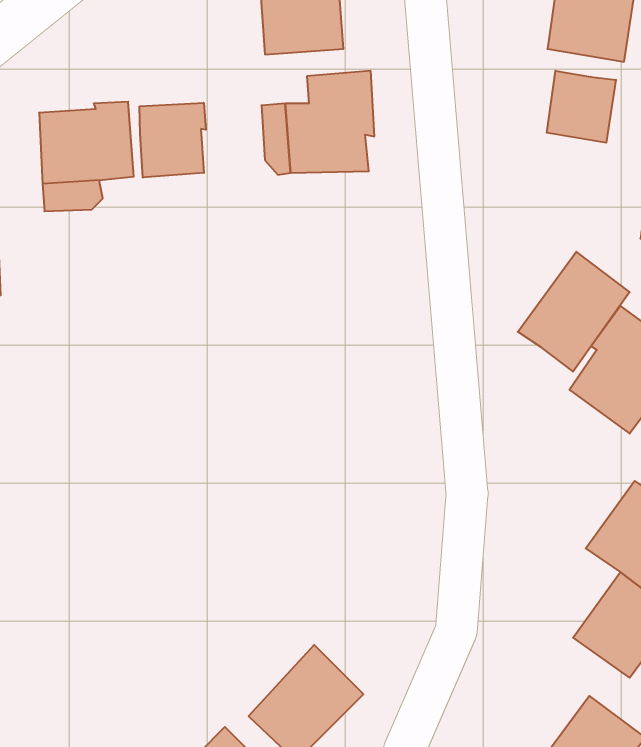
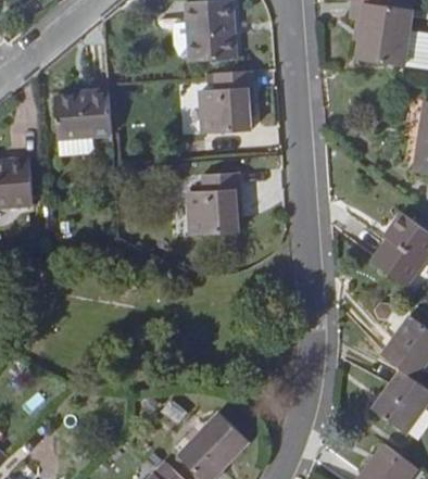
building: [547,71,616,143] -> none
building: [140,103,206,178] -> none
building: none -> [187,172,242,234]
building: [518,252,630,372] -> none

